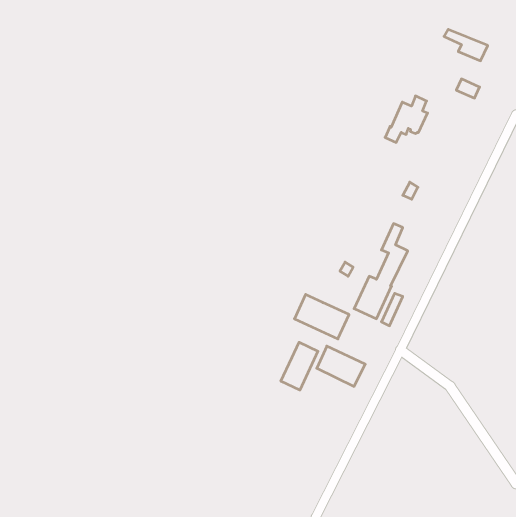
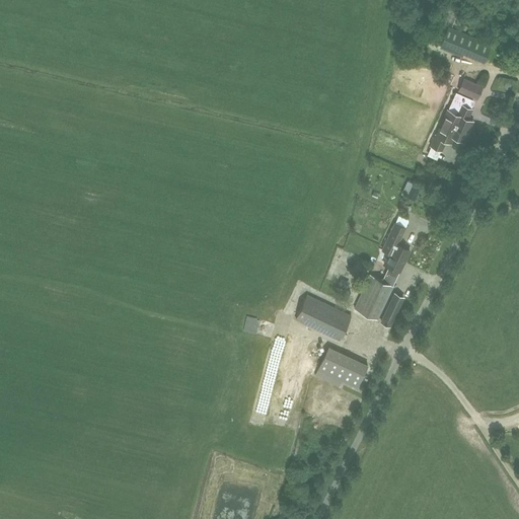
building: [385,96,428,142] -> [429,104,471,151]
building: [281,342,318,390] -> none

